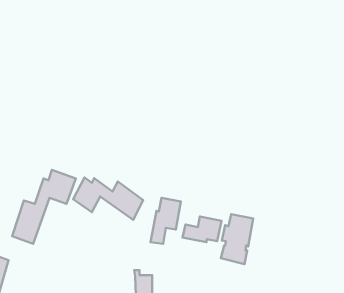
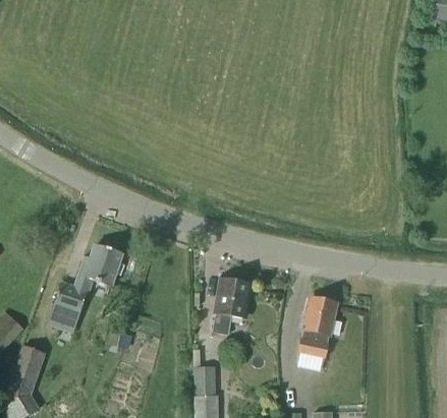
building: [73,177,143,220] -> none
building: [182,217,221,242] -> none

